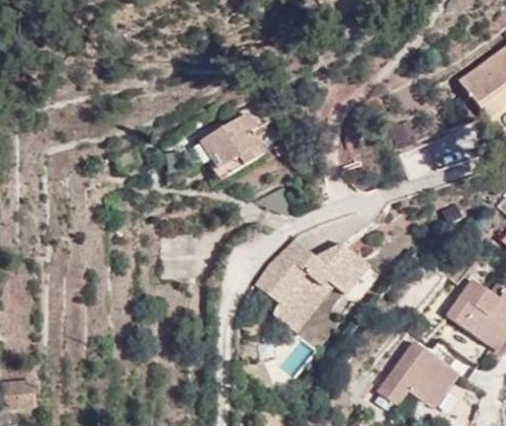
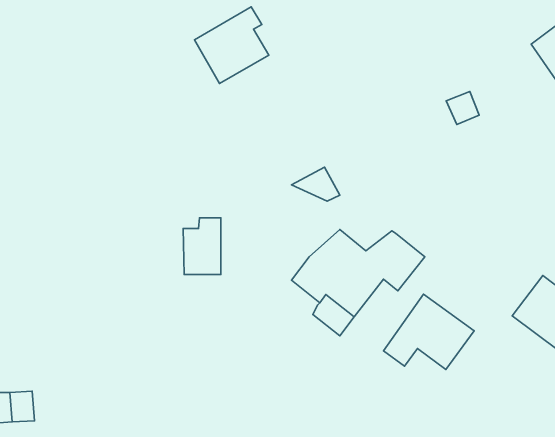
building: [200,112,264,178] -> [195,7,269,83]
building: [378,341,456,406] -> [383,294,474,370]

